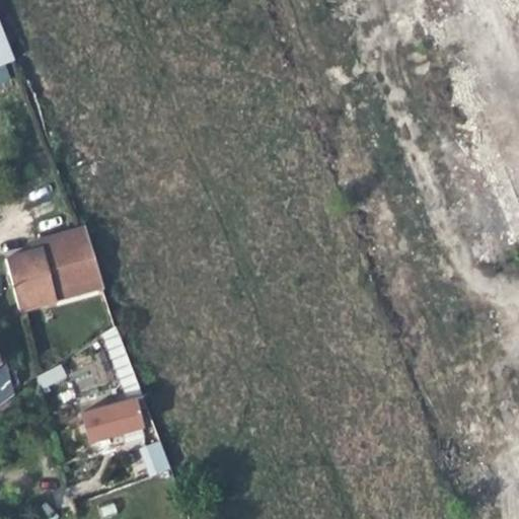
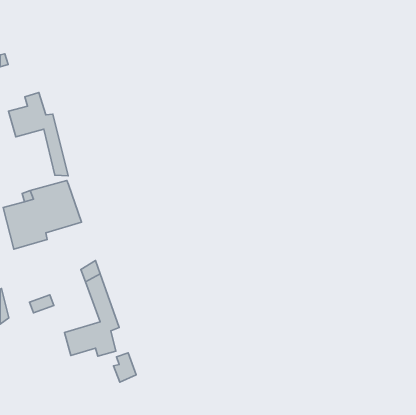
building: none -> [8,93,68,176]

